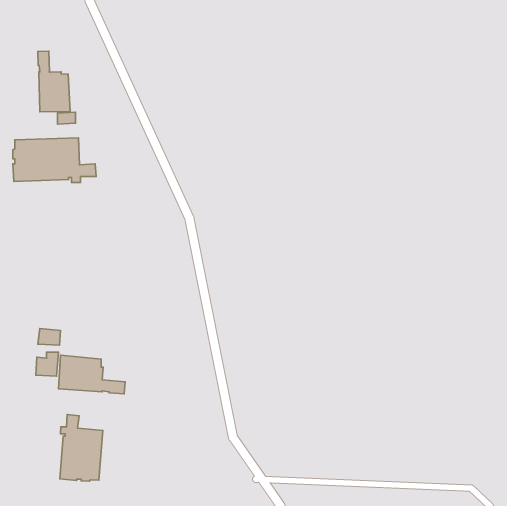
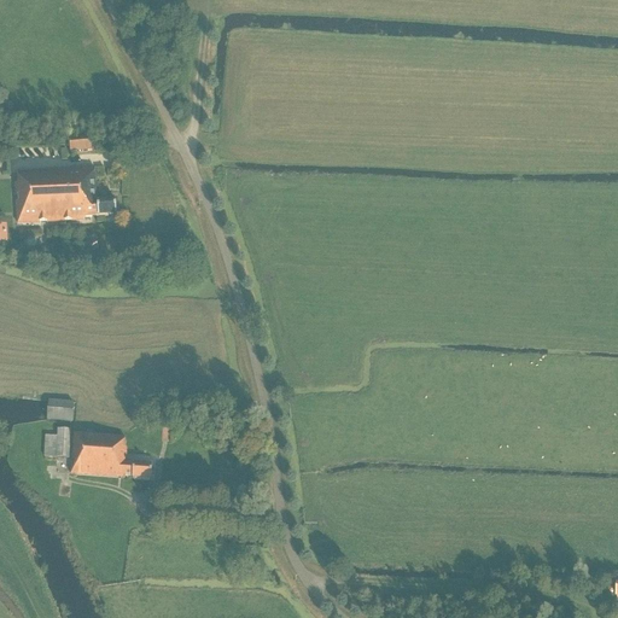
building: [38,51,70,112] -> none
building: [60,415,103,481] -> none

